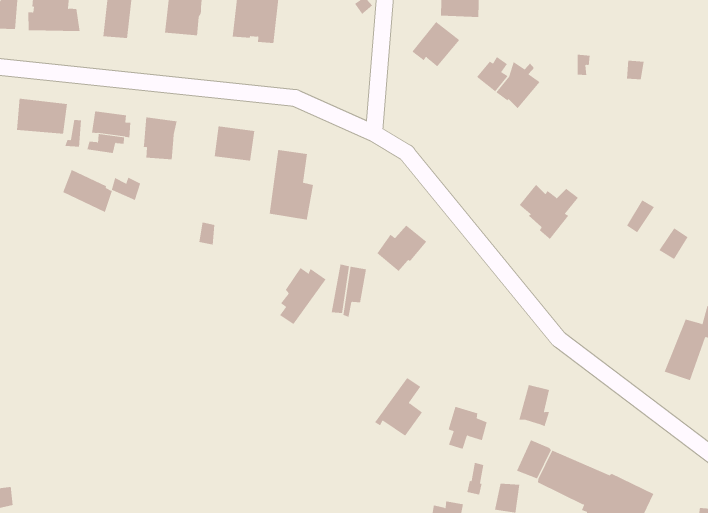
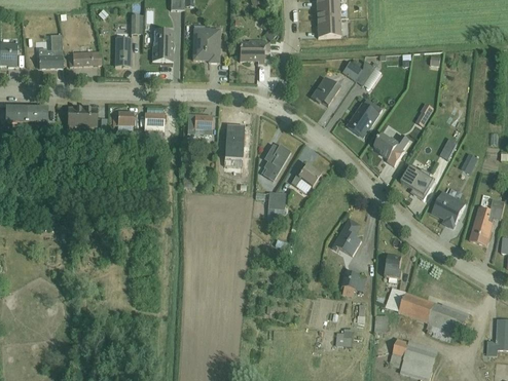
building: none -> [239,39,268,63]
building: [411,21,460,67] -> [311,77,339,105]
building: none -> [348,99,382,137]
building: [62,169,141,213] -> none
building: none -> [400,166,432,200]
building: [279,267,326,325] -> [262,145,289,180]
building: none -> [431,191,465,228]
building: [374,377,423,437] -> [332,220,361,256]

